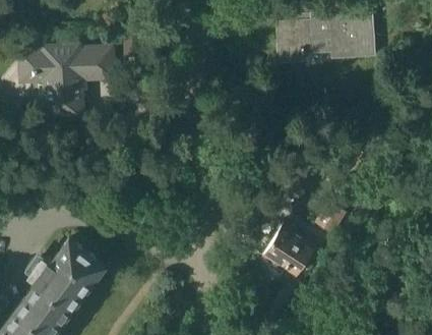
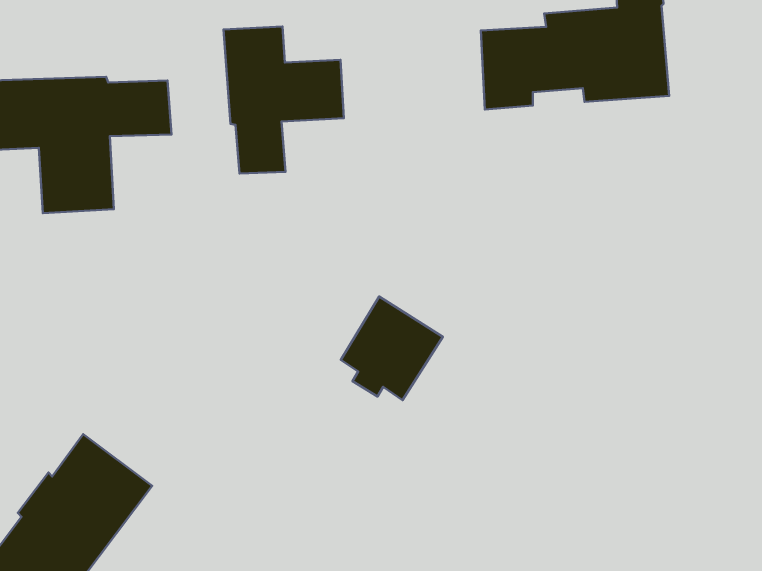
building: none -> [223,26,344,173]
building: [264,224,318,279] -> [341,297,443,400]

